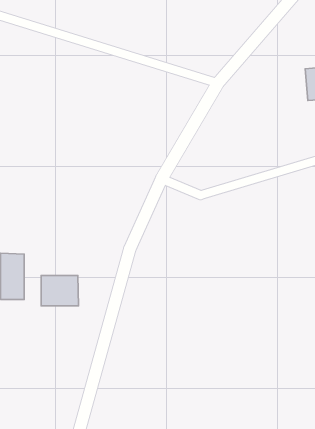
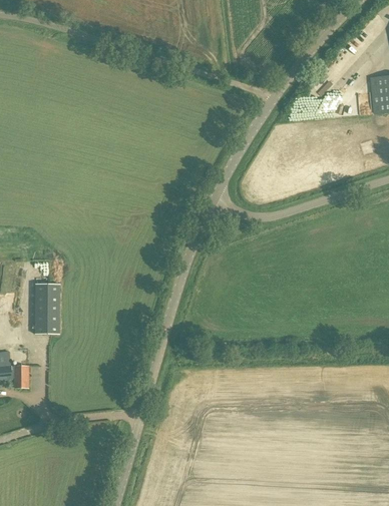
building: [41,275,79,306] -> none

